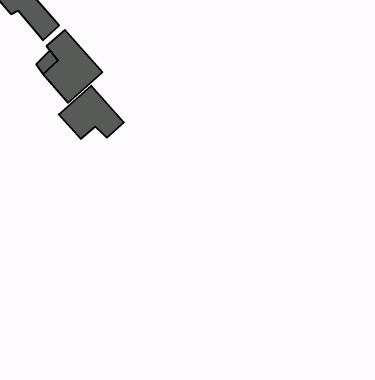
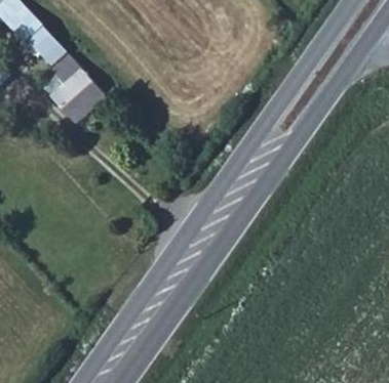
building: [59,86,124,139] -> none

